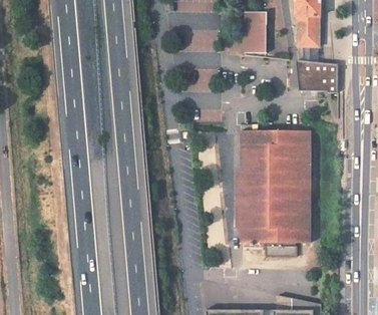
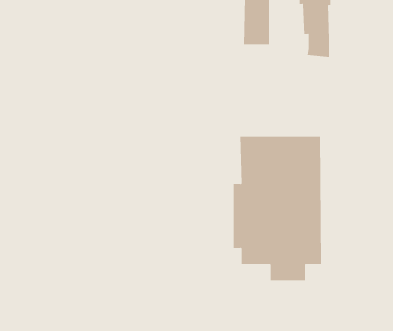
building: [296,61,337,92] -> none

